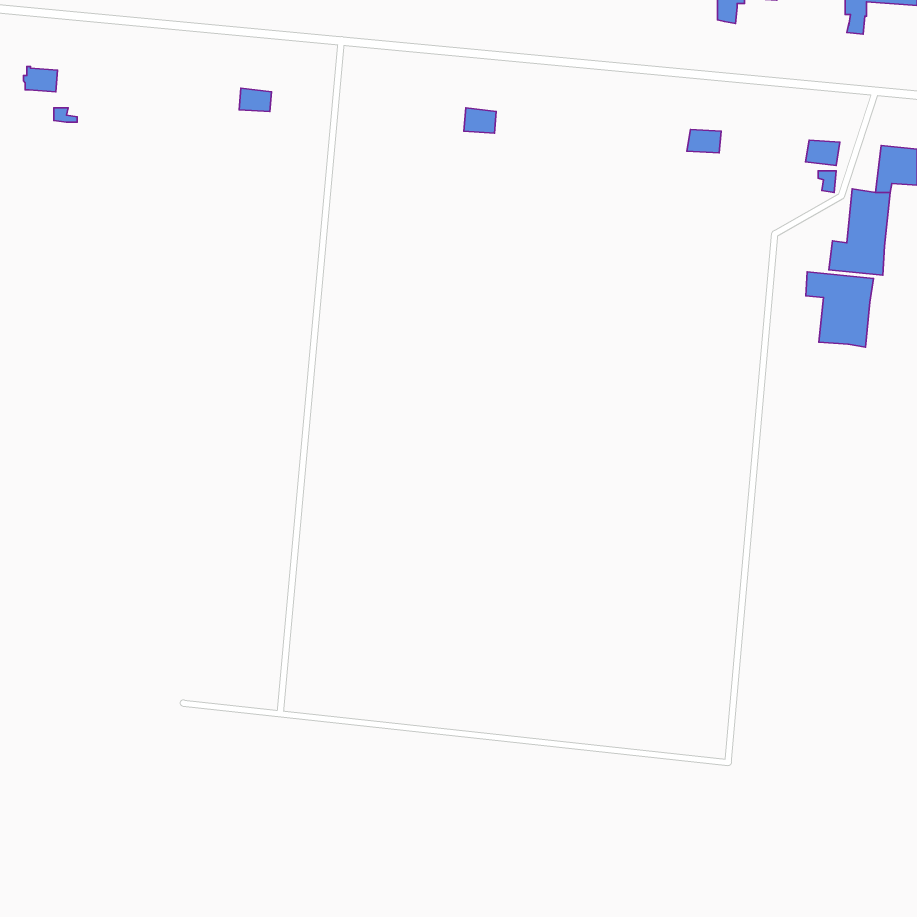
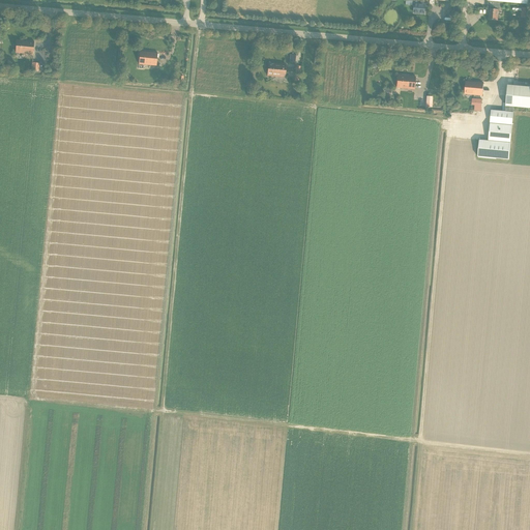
building: [806,272,874,347] -> none

